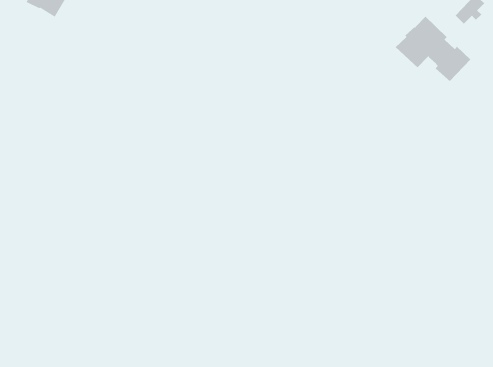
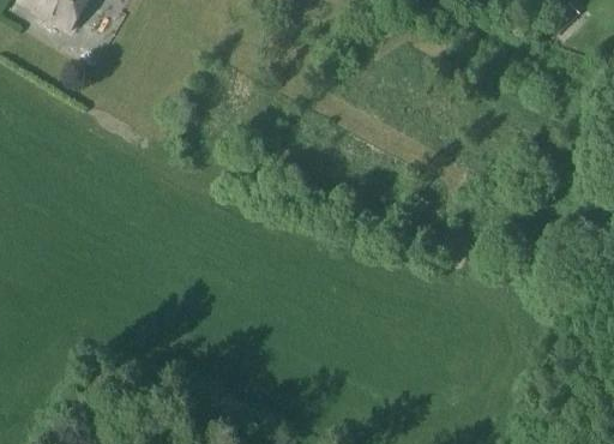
building: [395,16,471,82] -> none

